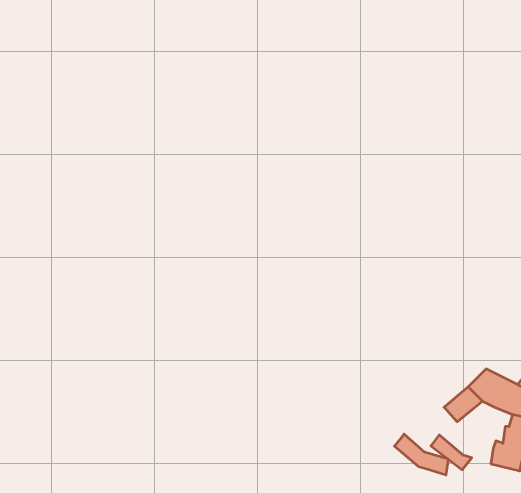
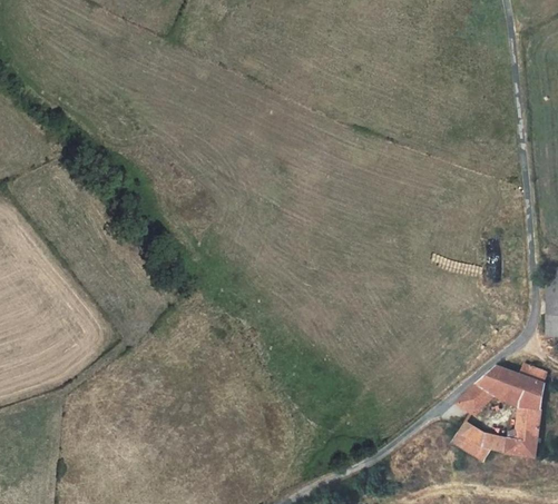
building: [394,434,448,475] -> [458,416,508,454]

